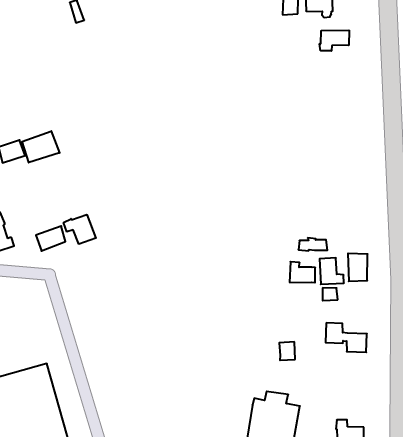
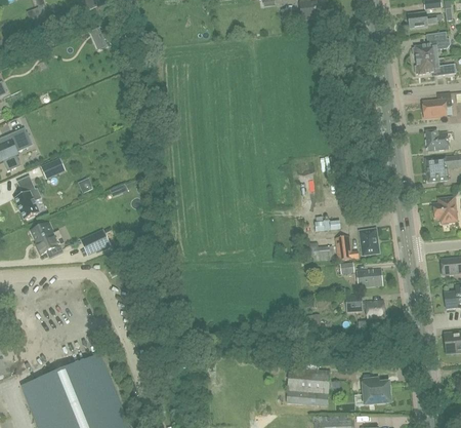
building: [320,30,349,51] -> none
building: [22,131,60,163] -> none
building: [64,215,96,244] -> none
building: none -> [355,268,381,286]

